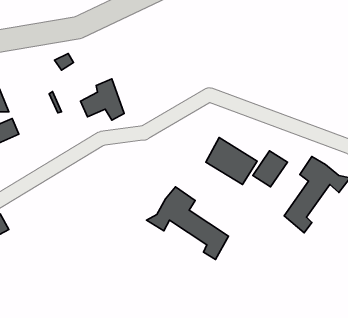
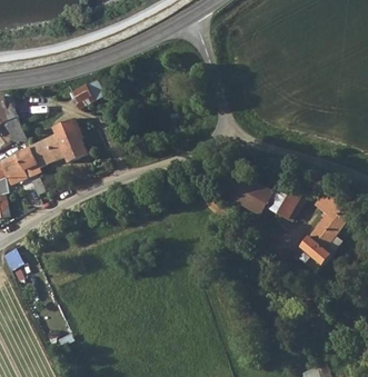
building: [81,79,124,120] -> [30,129,73,170]
building: [147,187,228,259] -> none

